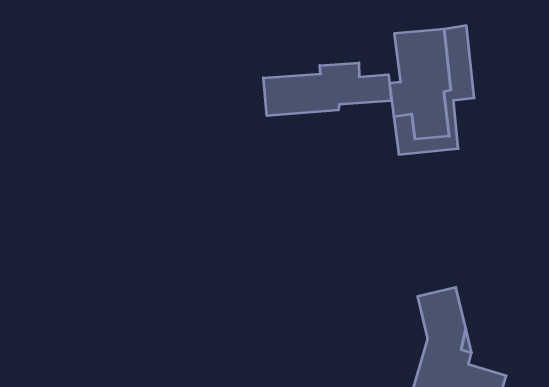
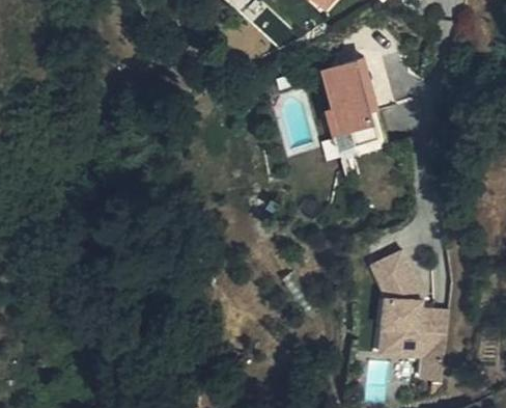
building: [263,63,391,116] -> none

